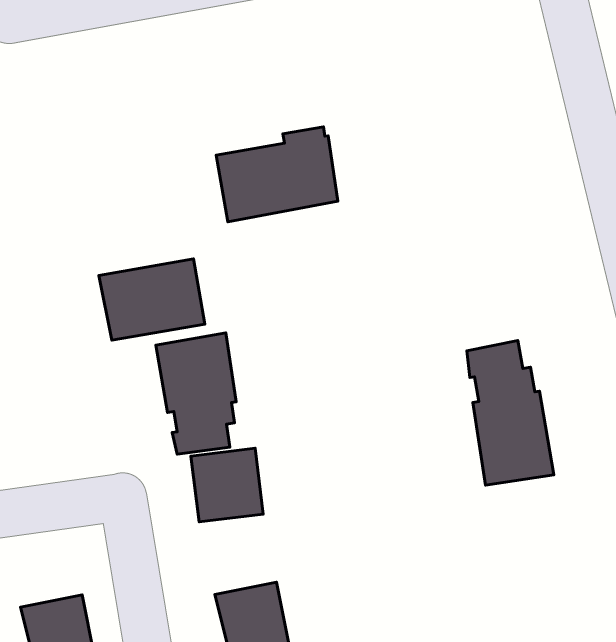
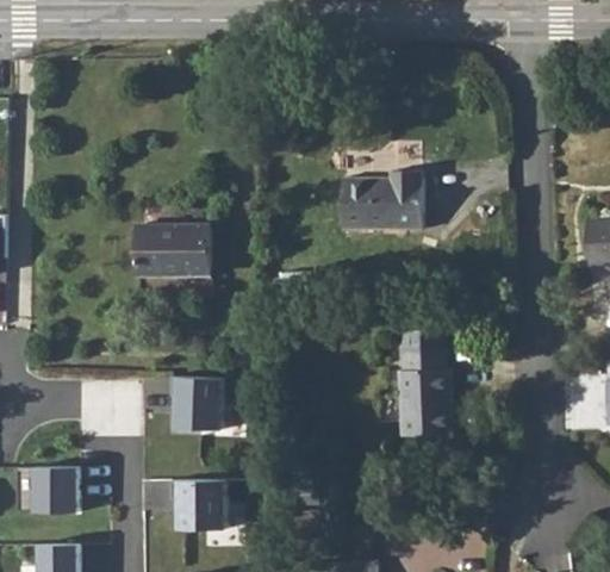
building: [216,127,338,222] -> [341,172,427,230]
building: [156,333,236,454] -> none

